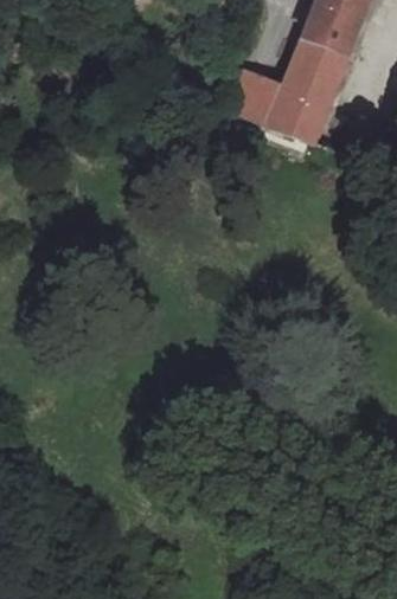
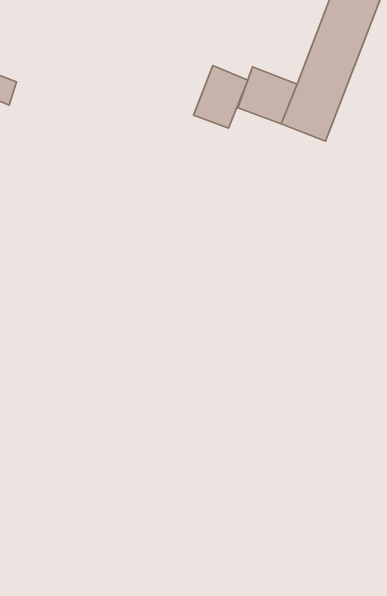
building: none -> [193,66,248,128]

